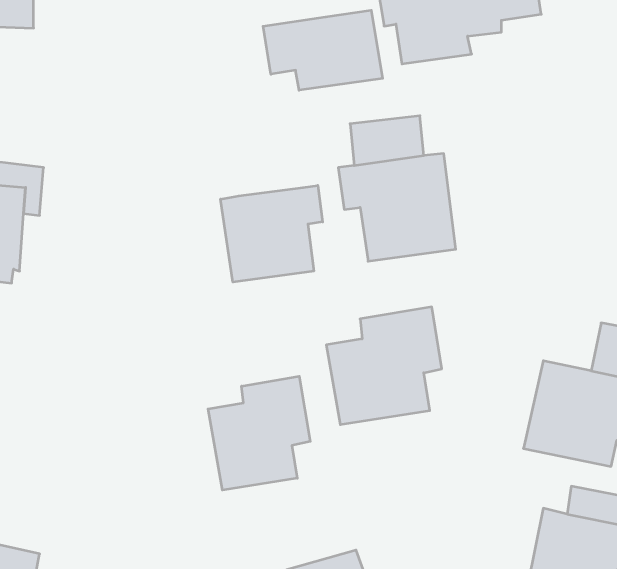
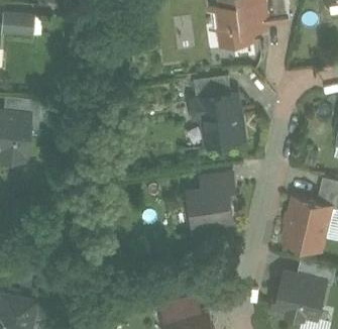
building: [263,10,383,90] -> none
building: [221,185,323,282] -> none
building: [208,376,310,490] -> none

